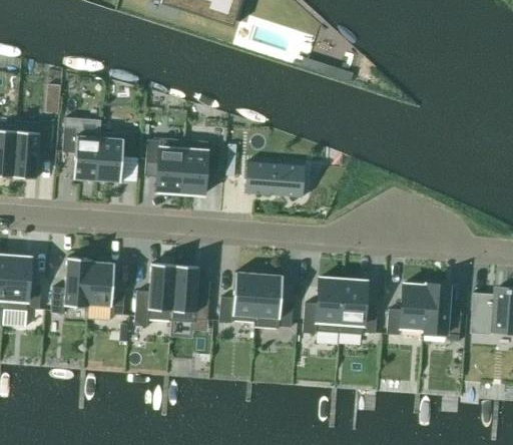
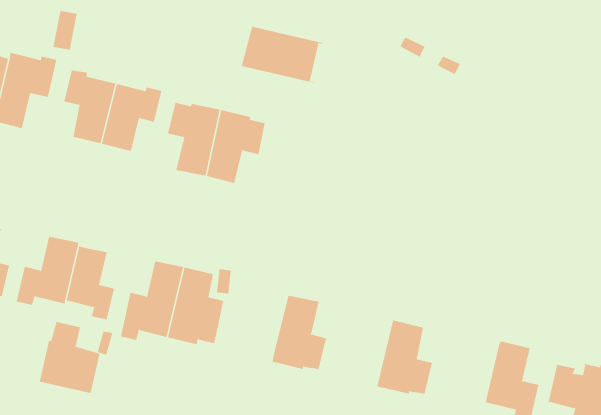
building: [244,161,305,197] -> [241,26,323,83]
building: [218,272,258,323] -> none
building: [302,278,341,334] -> none
building: [387,284,425,335] -> none
building: none -> [39,321,100,394]

